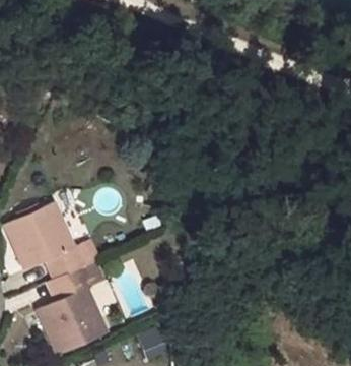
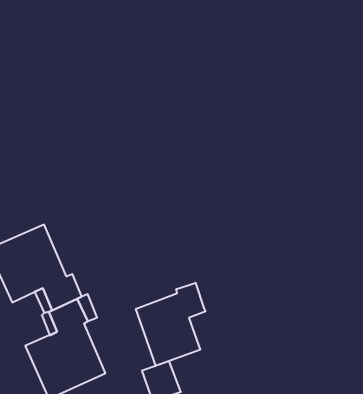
building: none -> [136,283,205,366]

